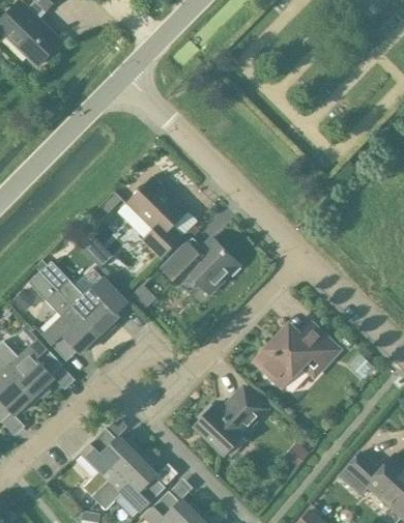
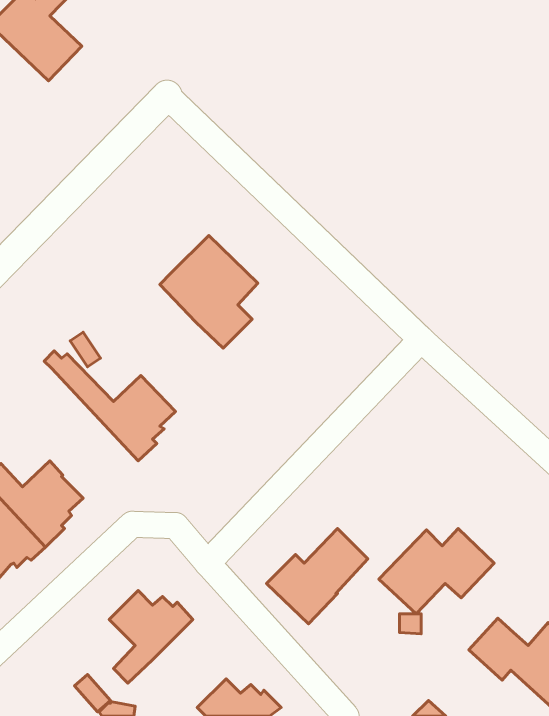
building: [160,236,242,293] -> none
building: [28,271,102,360] -> none
building: [256,324,339,385] -> [379,529,494,614]
building: [94,452,162,512] -> none

